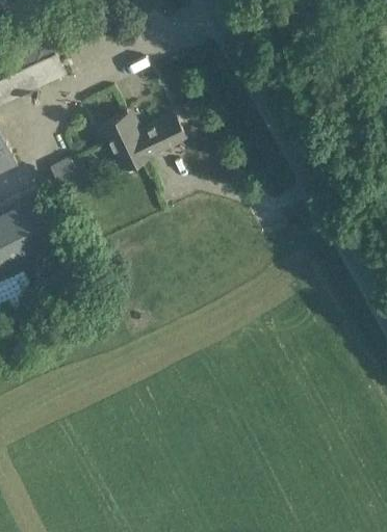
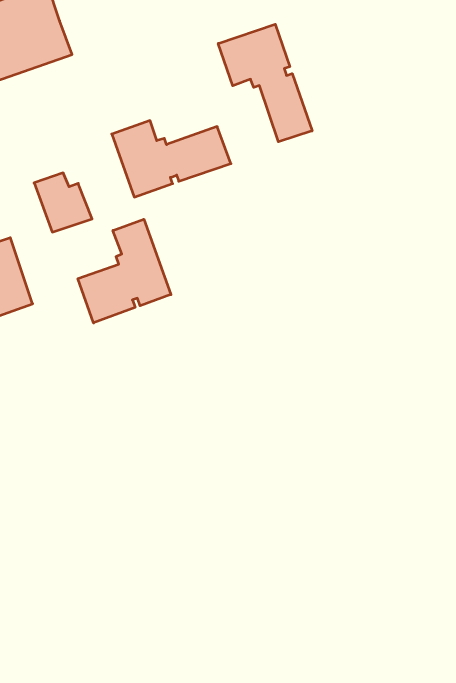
building: none -> [218,24,312,142]
building: none -> [78,219,171,323]

